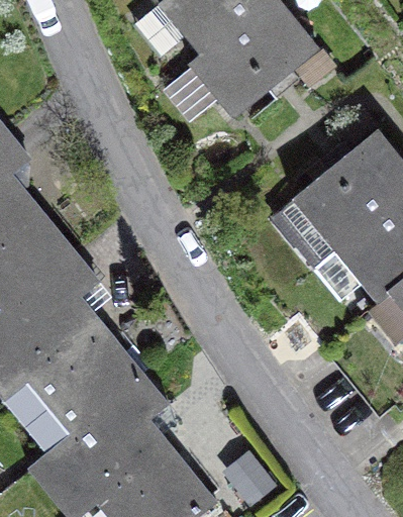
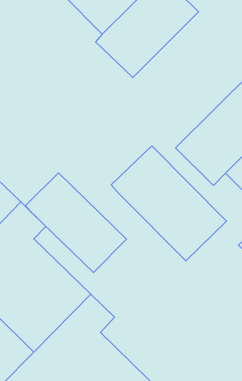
building: none -> [111,146,227,261]
building: none -> [25,173,126,273]

